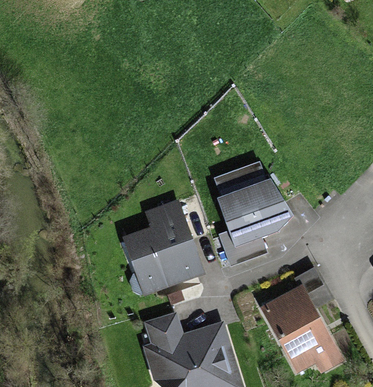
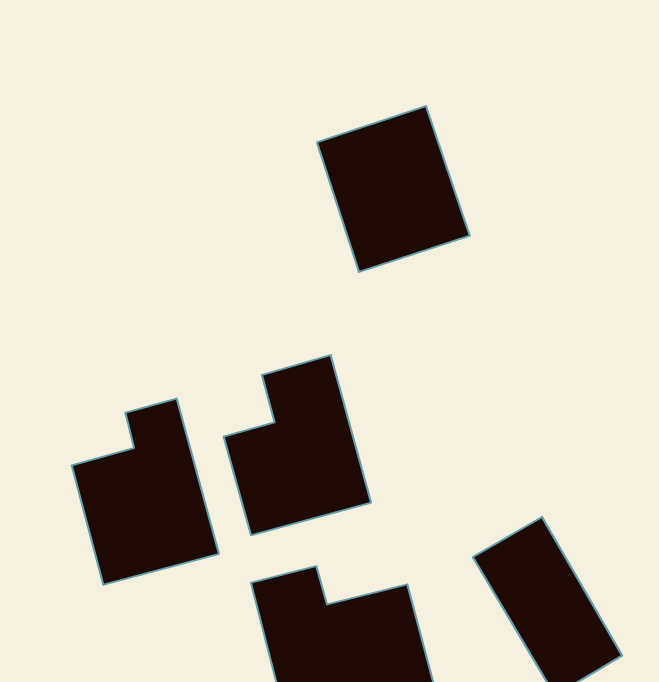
building: [207,149,291,240] -> [317,106,470,272]
building: none -> [72,398,219,585]

